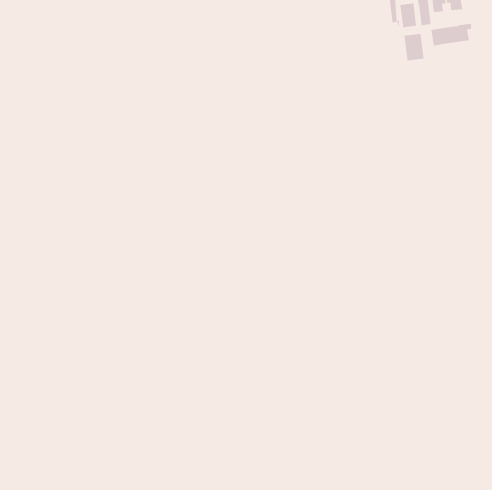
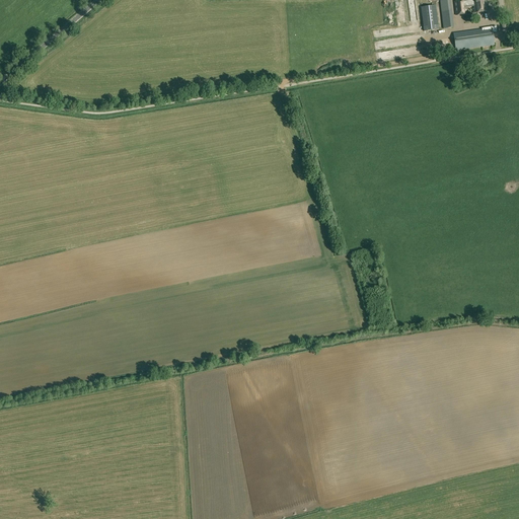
building: [404,33,424,61] -> none

